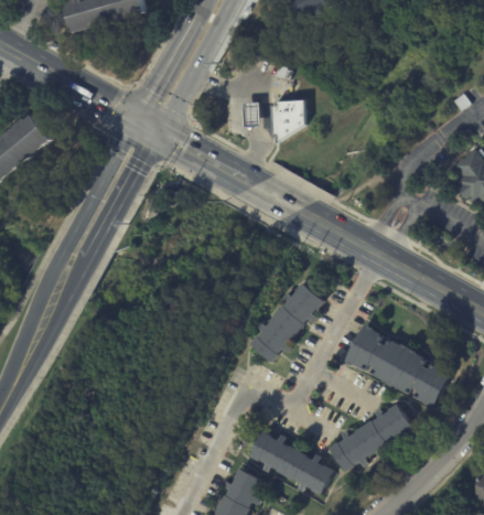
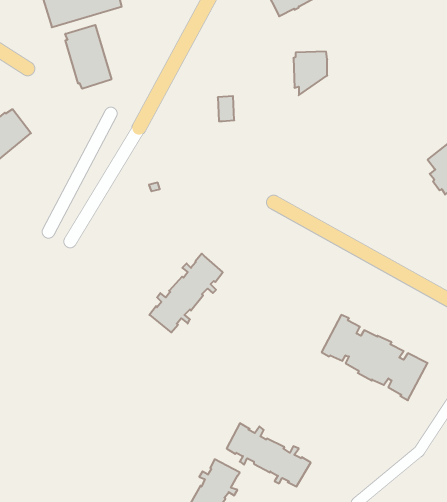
building: none -> [65,25,111,89]
building: [271,99,305,143] -> [293,52,327,95]
building: [250,281,324,361] -> [149,254,223,332]
building: [330,401,412,469] -> none

